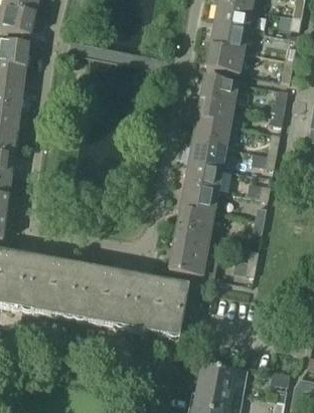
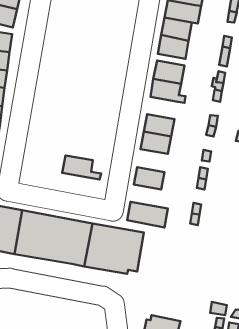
building: [192,119,229,146] -> none
building: [180,182,217,210] -> none
building: [172,225,219,254] -> [62,155,101,179]
building: [193,361,237,391] -> none

